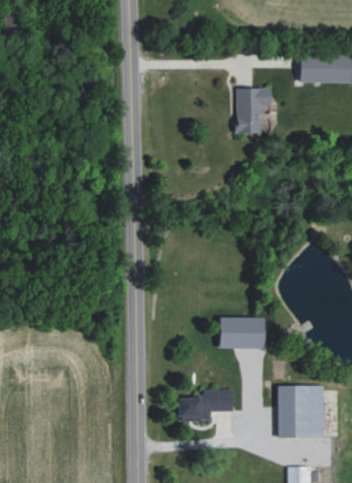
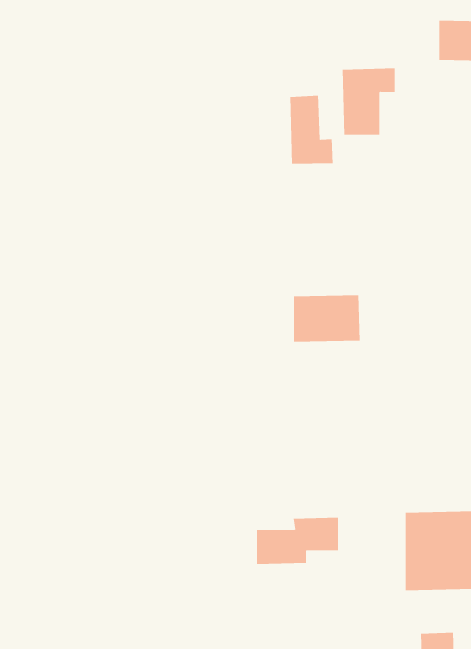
building: none -> [290,95,333,165]
building: [219,317,265,349] -> [293,295,361,342]

